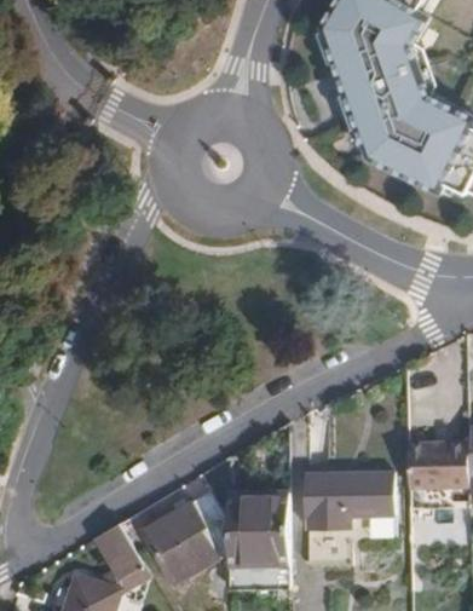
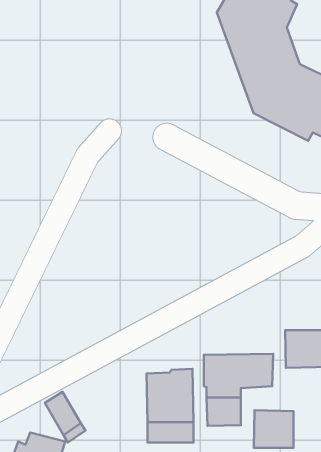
building: [142,491,225,582] -> none
building: none -> [254,410,294,448]

